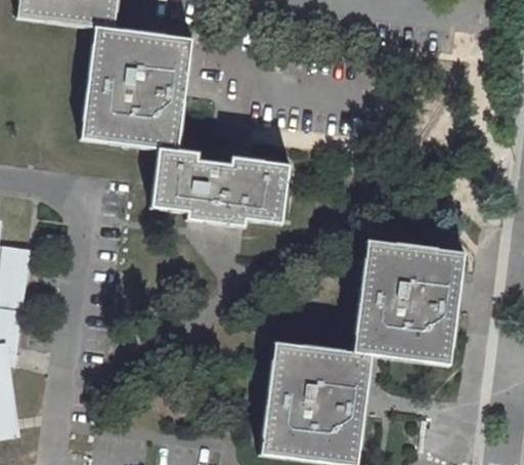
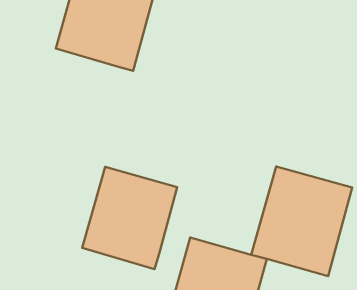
building: [152,147,289,225] -> none
building: none -> [82,167,177,269]

